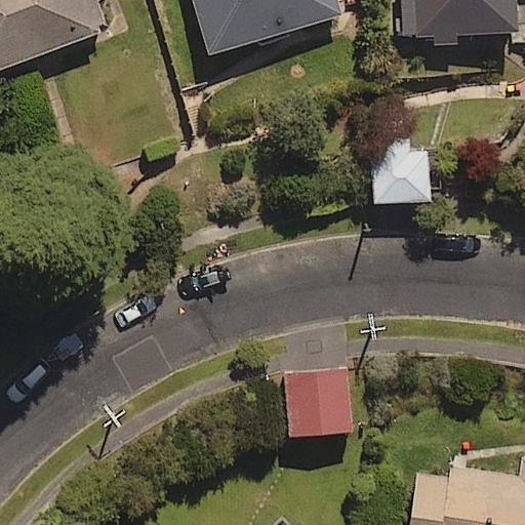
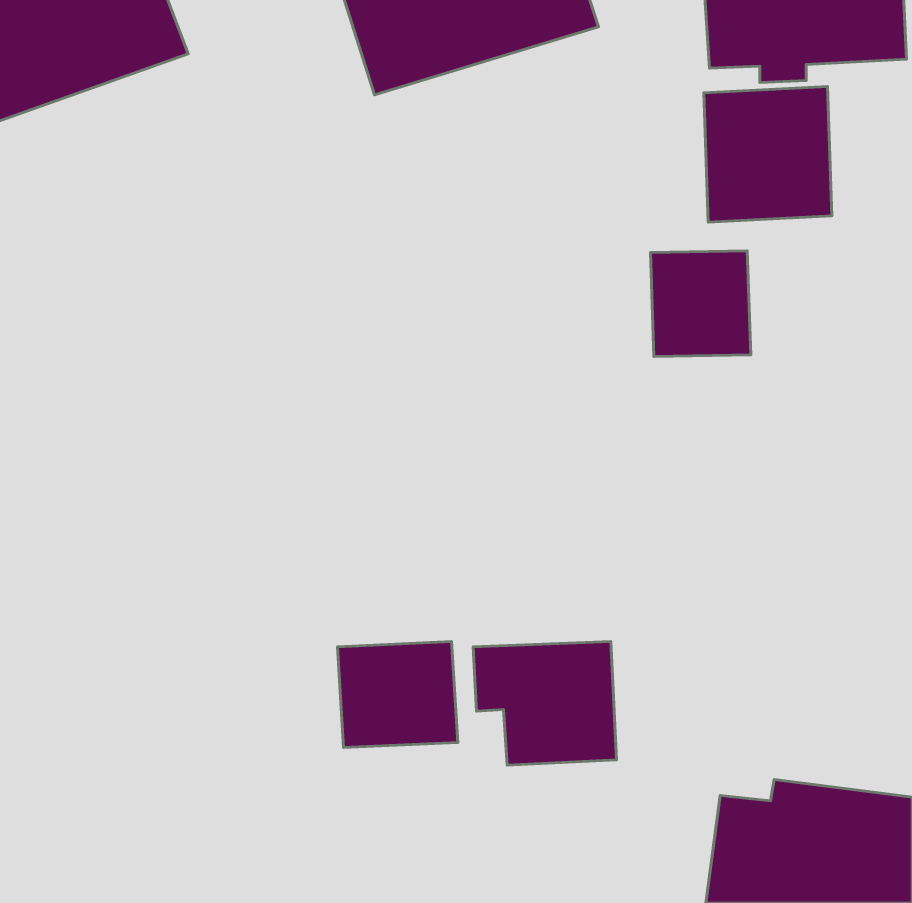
building: none -> [704,87,832,222]
building: none -> [337,642,458,748]

